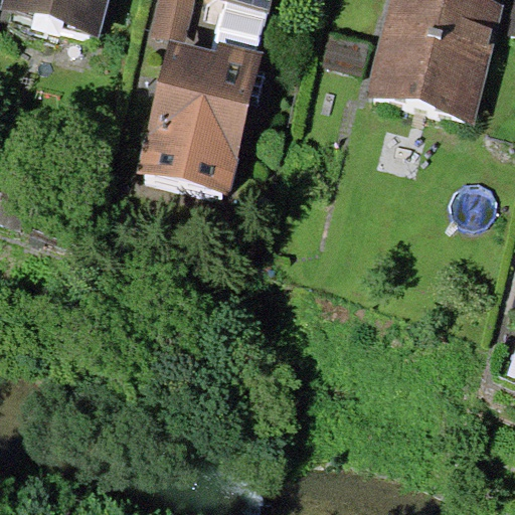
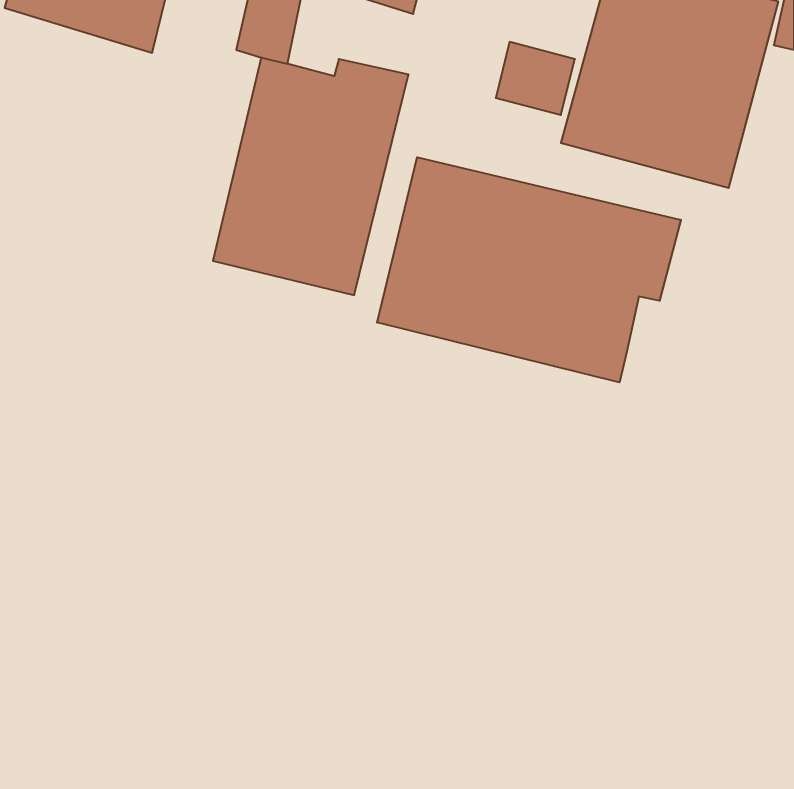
building: none -> [377,157,681,382]

